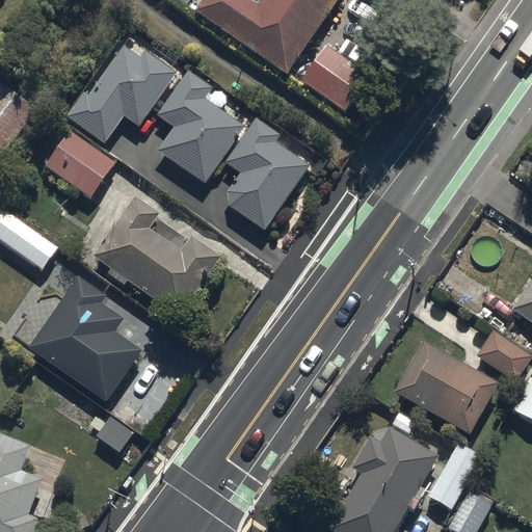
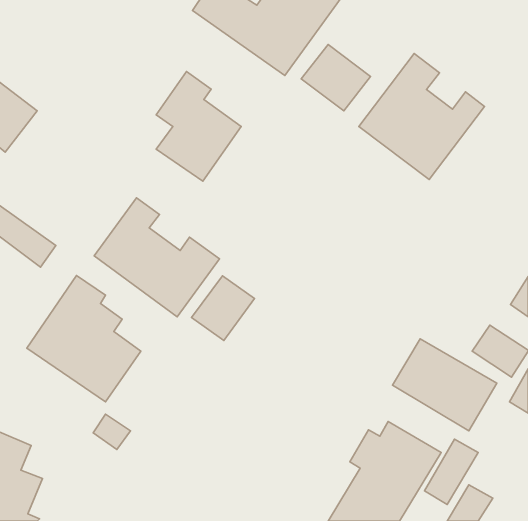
building: [66,47,176,142] -> none
building: none -> [359,54,485,180]
building: [223,118,310,231] -> none
building: [44,130,114,196] -> none
building: none -> [192,276,255,340]

